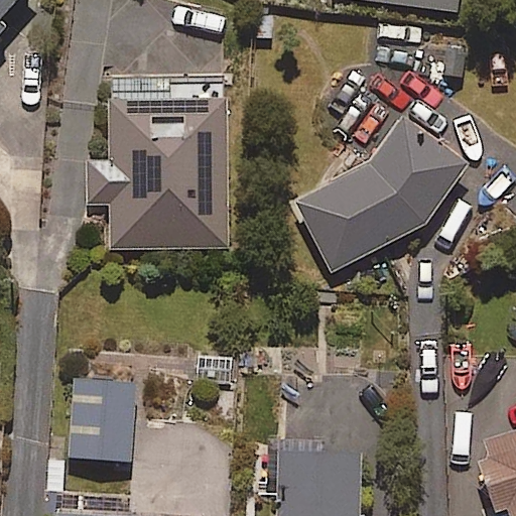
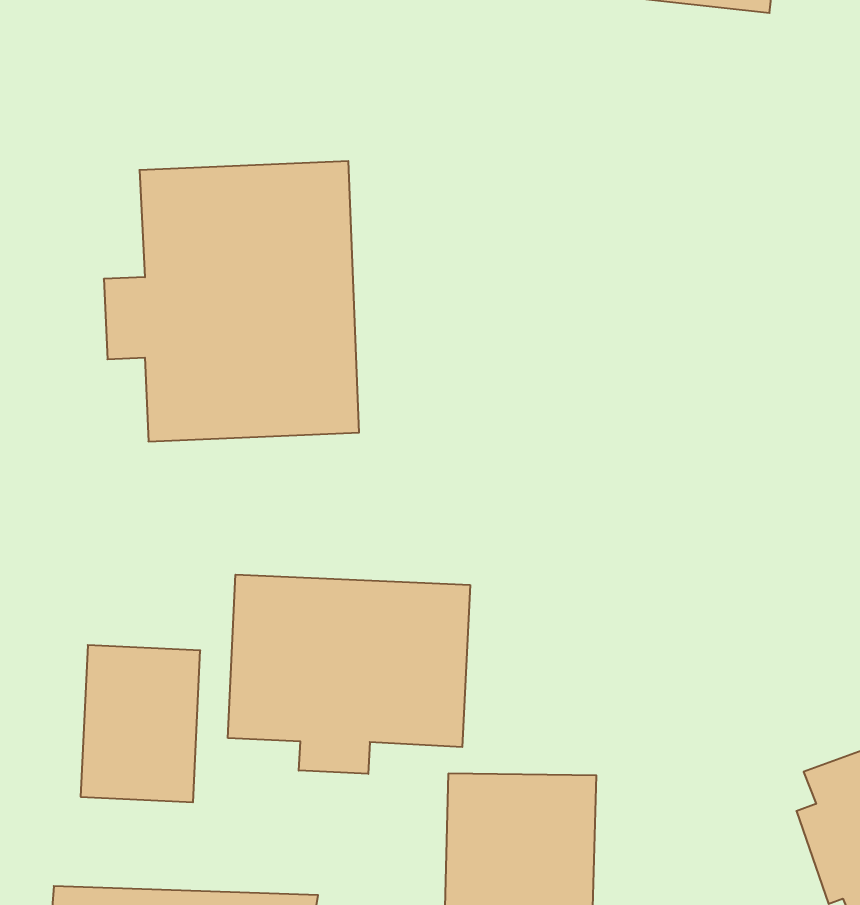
building: [295,118,466,272] -> none
building: none -> [228,575,470,774]

